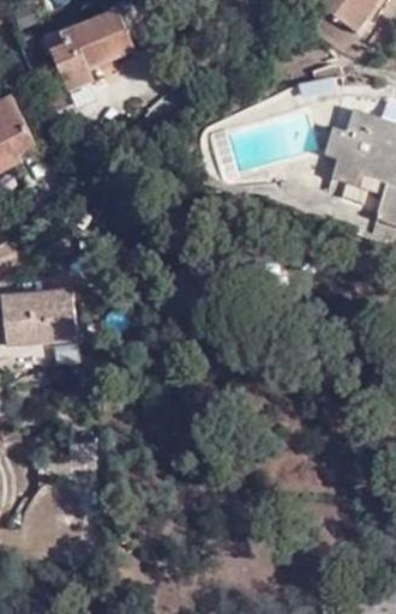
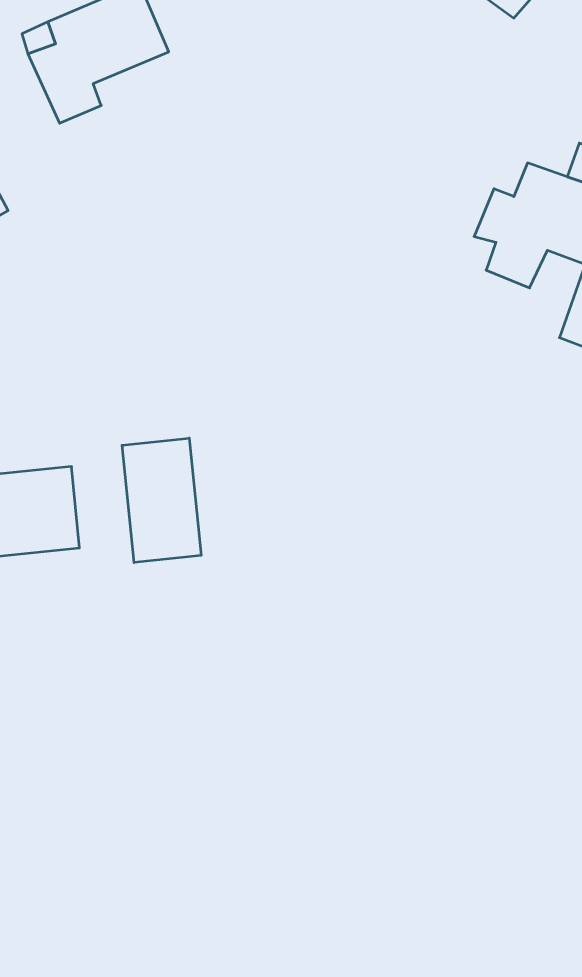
building: none -> [122,438,201,563]

